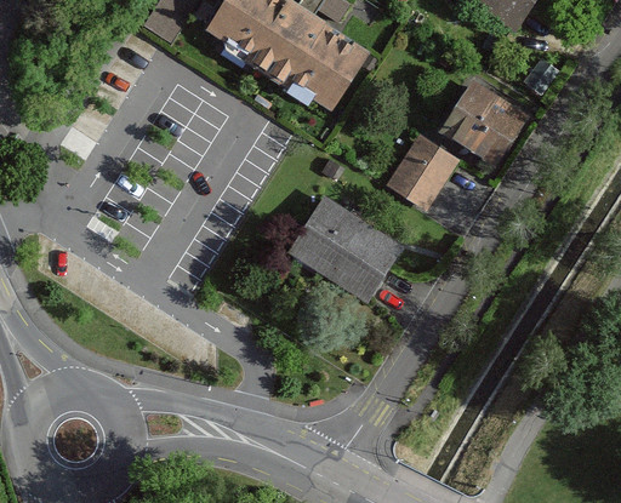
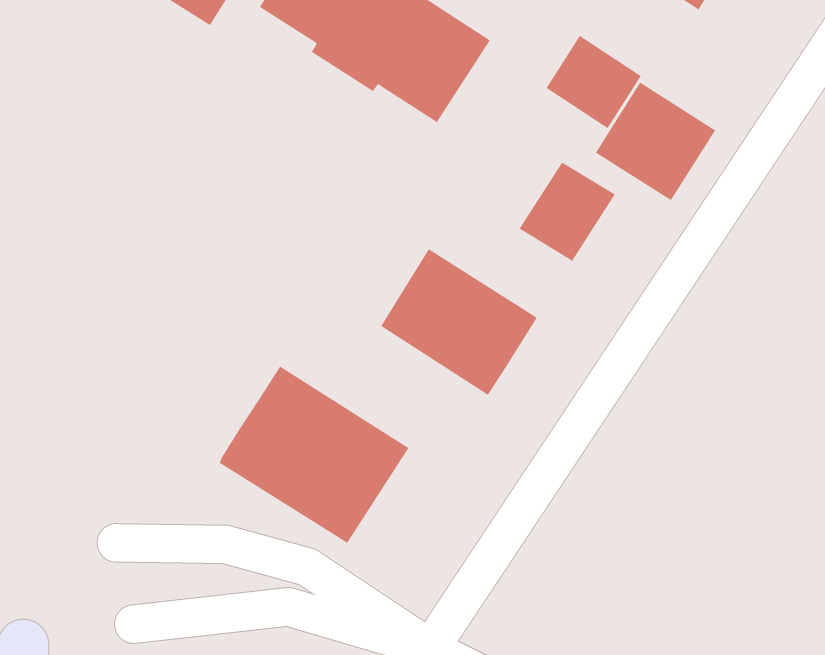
building: none -> [546,35,642,129]
building: none -> [219,366,410,544]

